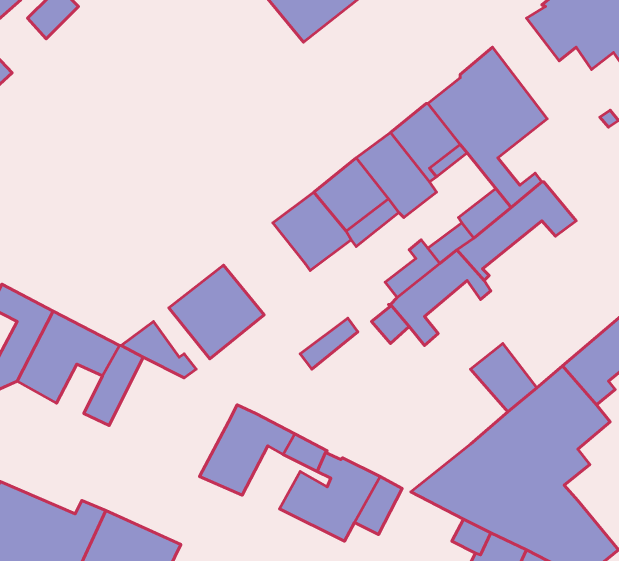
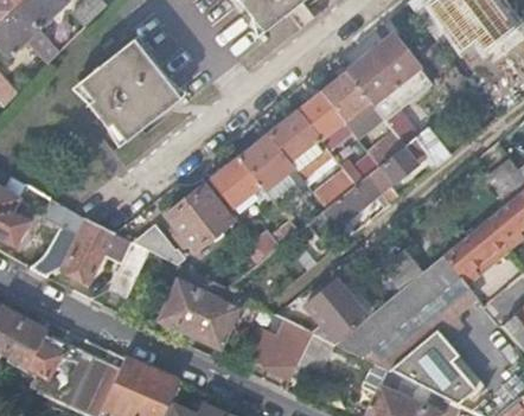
building: none -> [78,39,179,140]
building: none -> [213,156,263,210]
building: none -> [312,274,378,339]
building: none -> [159,280,210,333]

